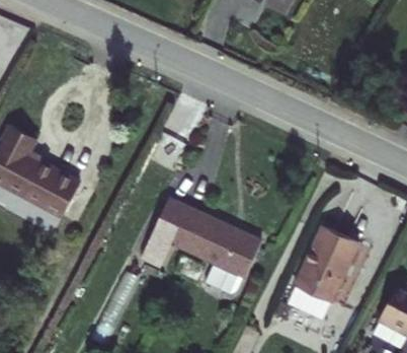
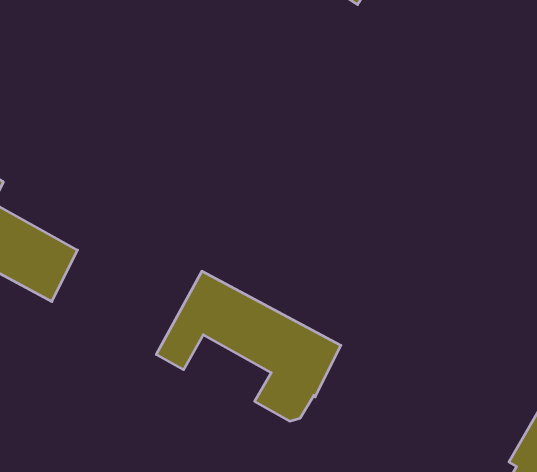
building: [299,227,364,299] -> none

